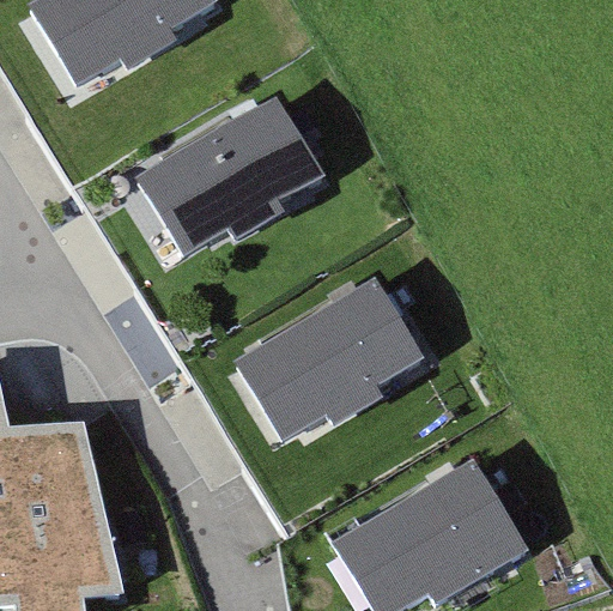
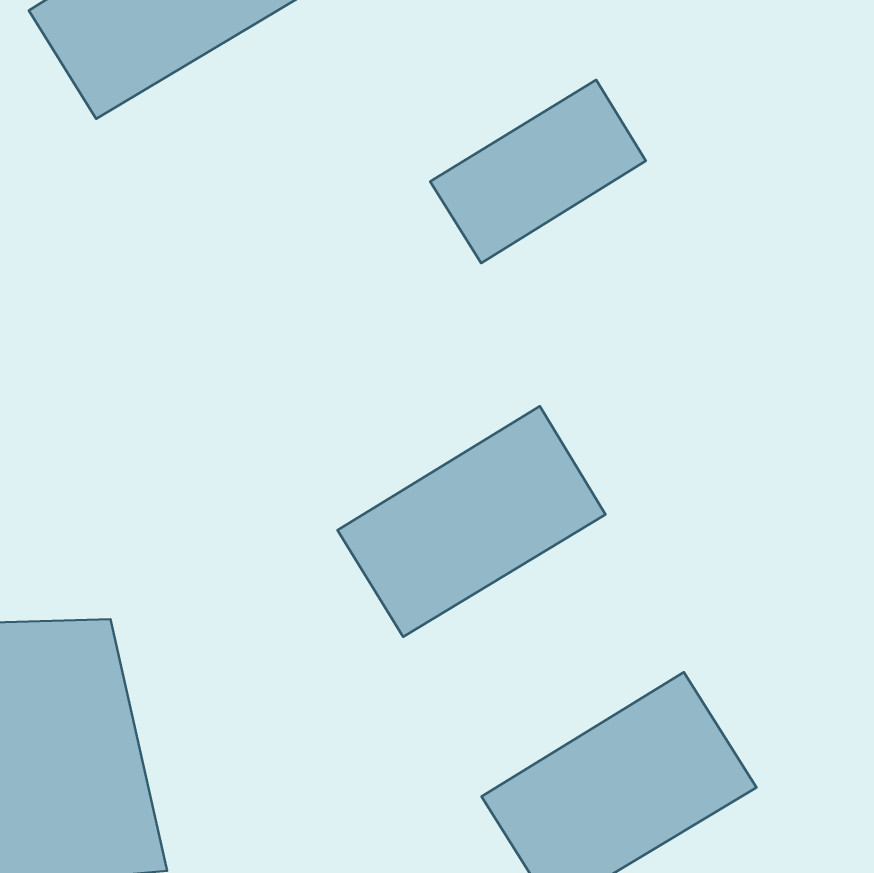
building: none -> [430,80,646,263]
building: [140,102,321,259] -> none

